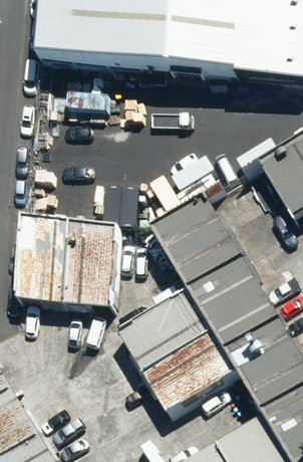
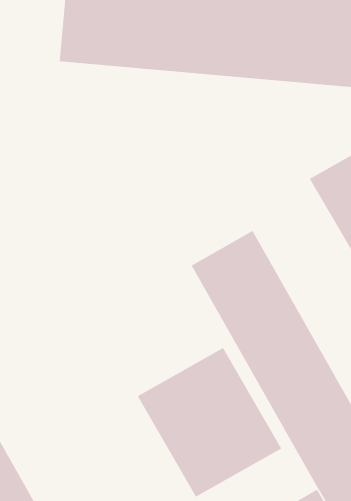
building: [19,224,116,310] -> none

